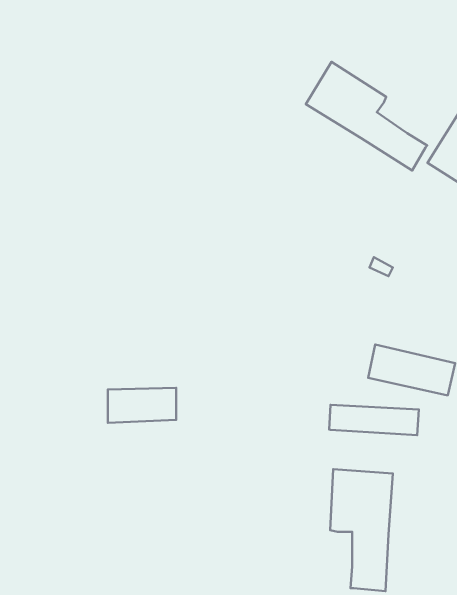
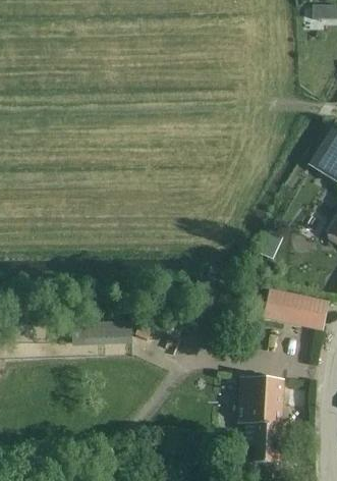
building: [306,62,427,171] -> none
building: [329,405,419,435] -> none

